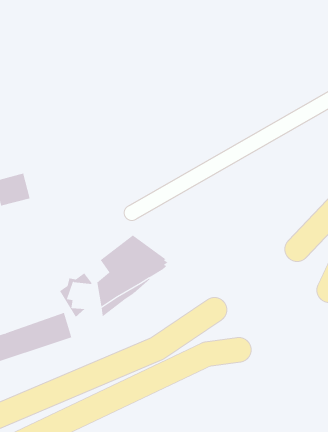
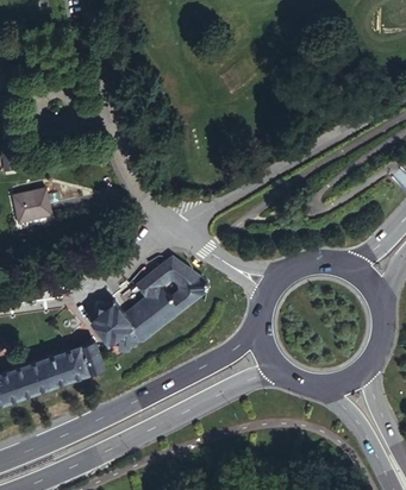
building: none -> [99,308,136,354]

